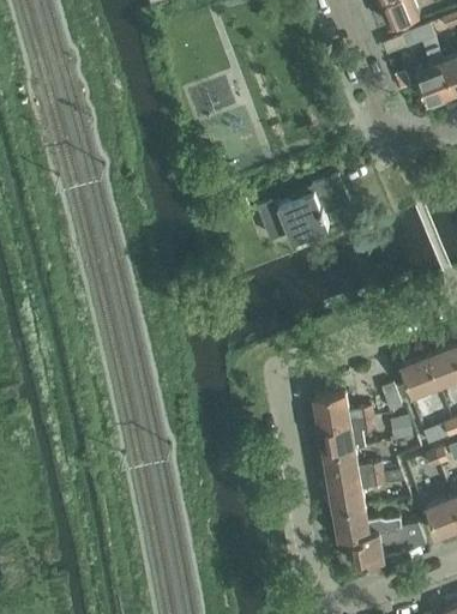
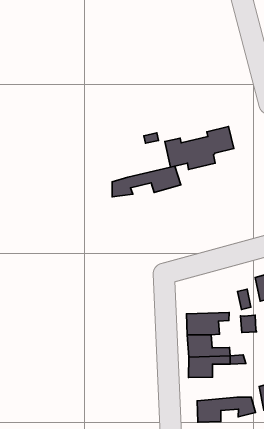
building: none -> [112,166,181,197]
building: [314,393,374,428] -> none
building: [333,506,401,541] -> none

